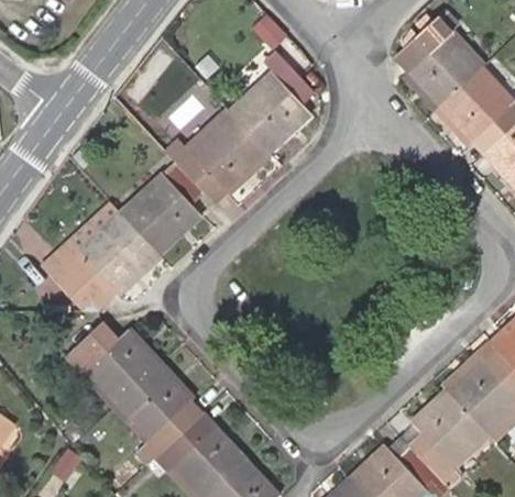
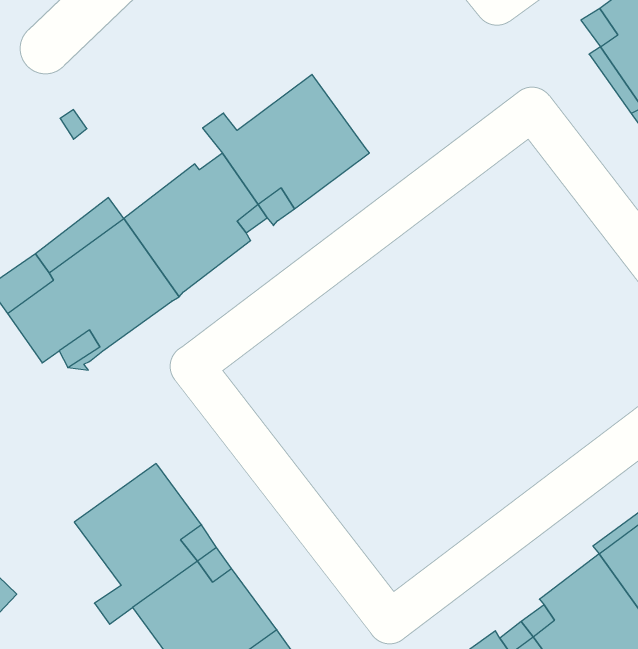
building: [230,59,315,153] -> none
building: [76,328,161,407] -> none

